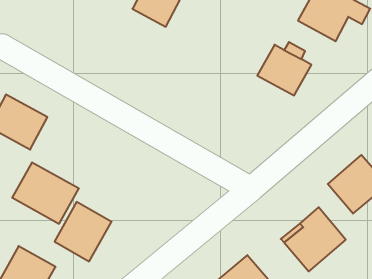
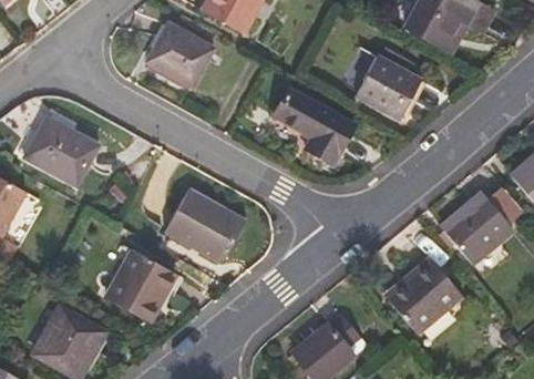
building: none -> [148,24,213,85]
building: none -> [275,90,353,166]
building: [12,162,79,224] -> [165,188,247,264]

